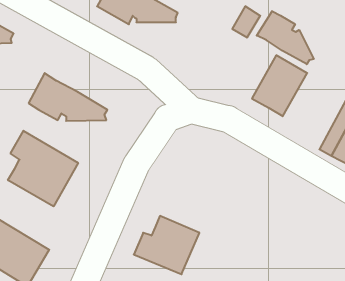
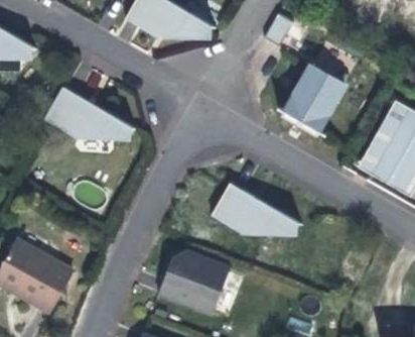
building: [257,11,314,64] -> none
building: [8,131,78,206] -> none
building: none -> [210,181,295,231]

